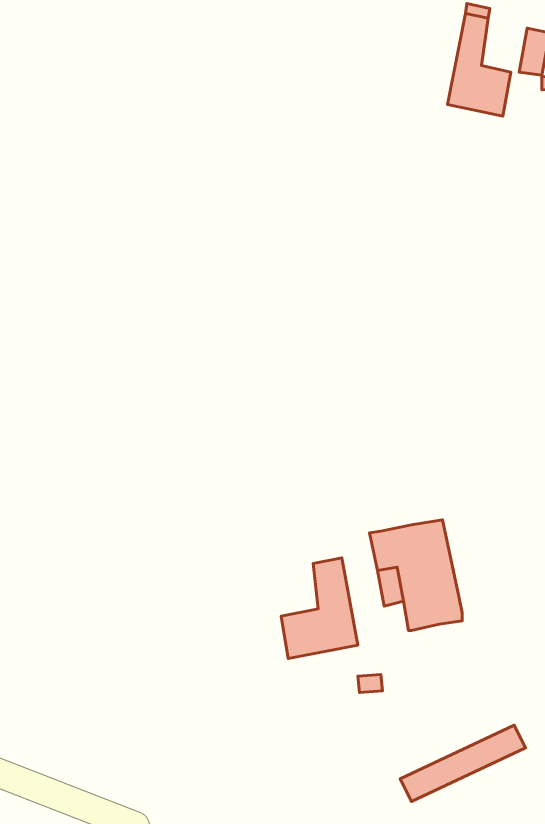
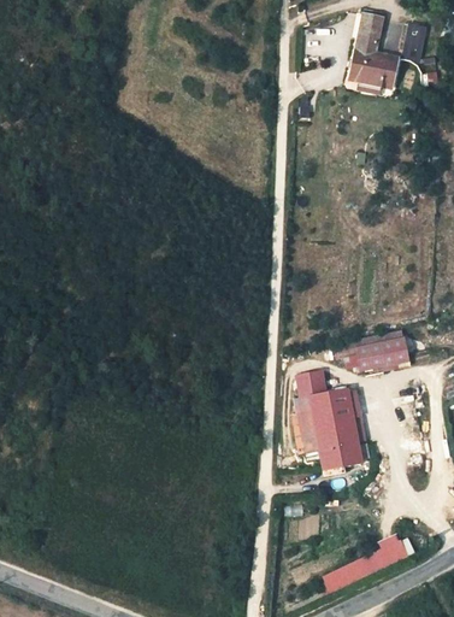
building: none -> [354,335,409,369]
building: none -> [295,369,323,395]
building: [281,558,358,658] -> none

